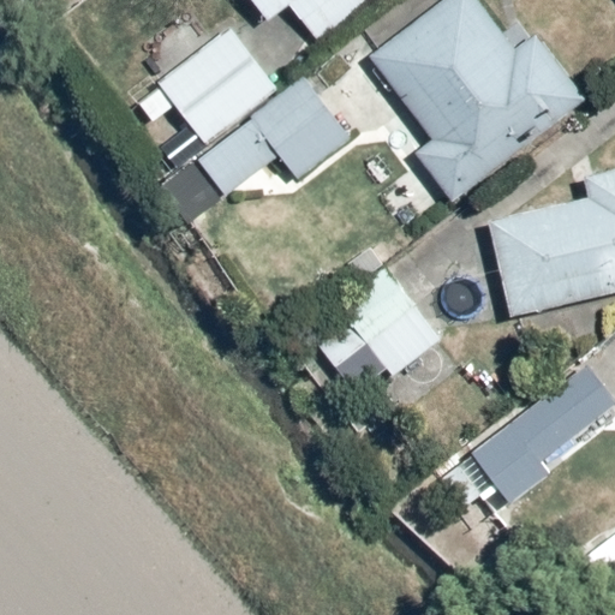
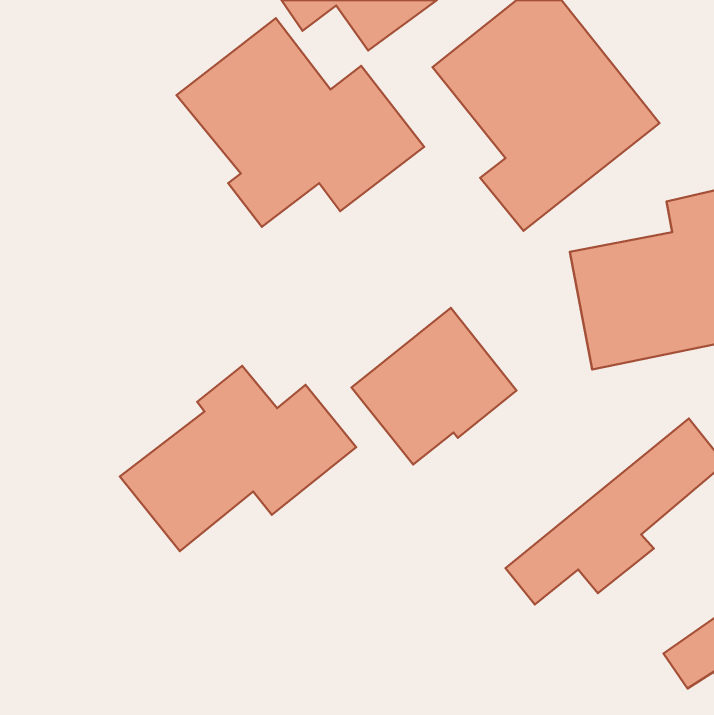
building: none -> [120,366,356,551]

